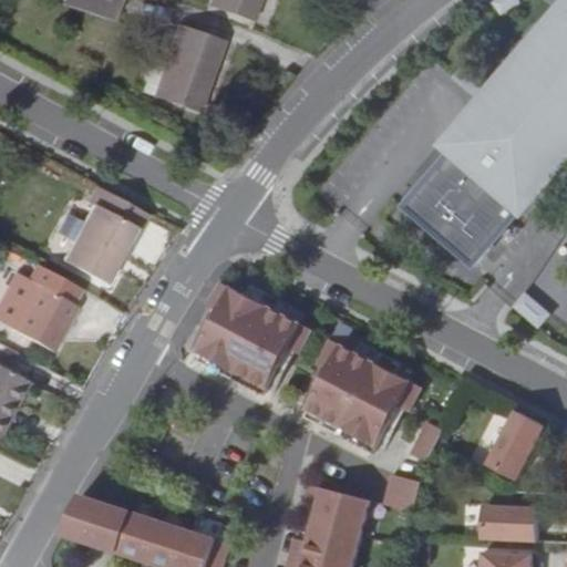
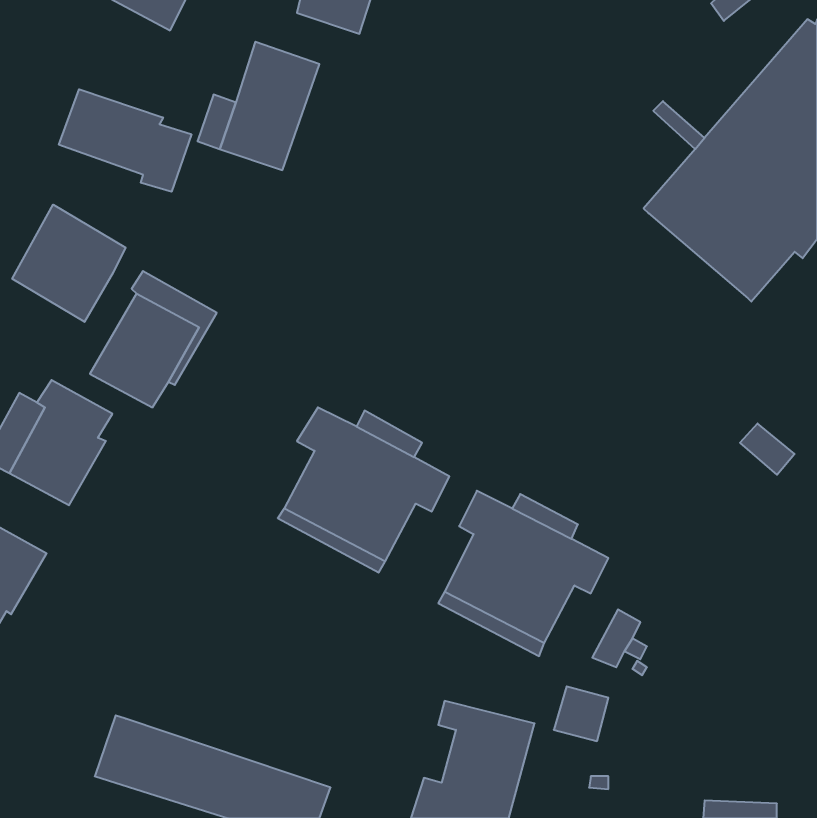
building: none -> [59,89,191,192]
building: none -> [12,205,126,322]
building: [400,147,516,261] -> none
building: [485,410,544,480] -> none
building: [481,505,537,540] -> none

